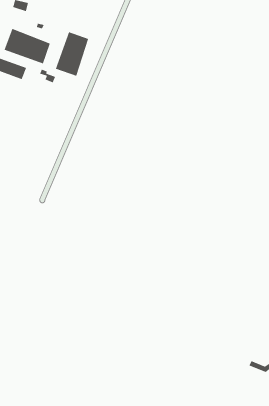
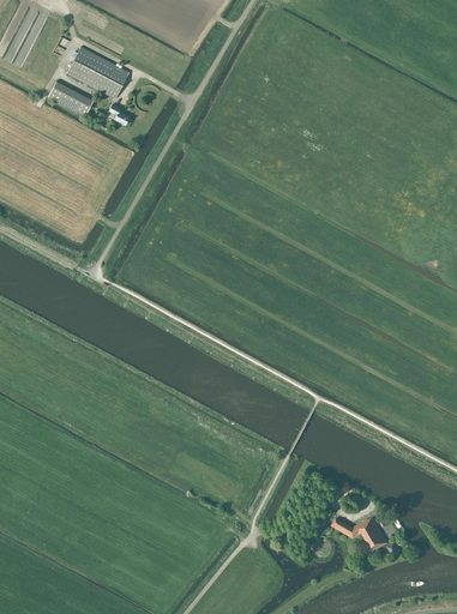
building: [55,31,89,77] -> none

